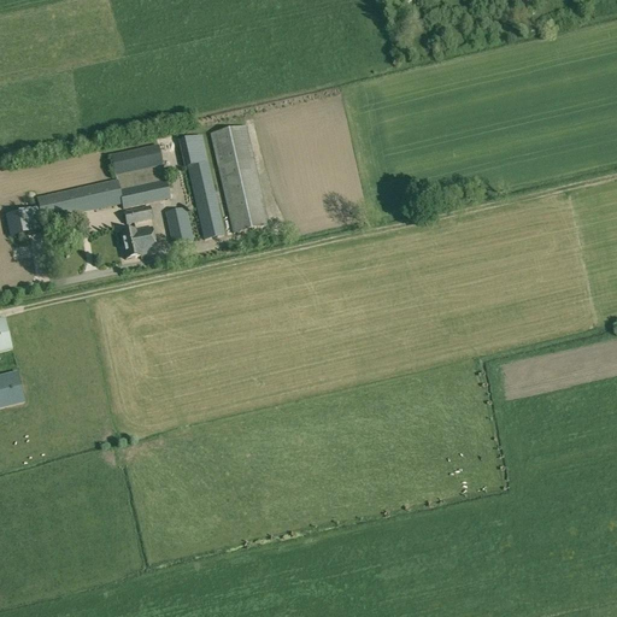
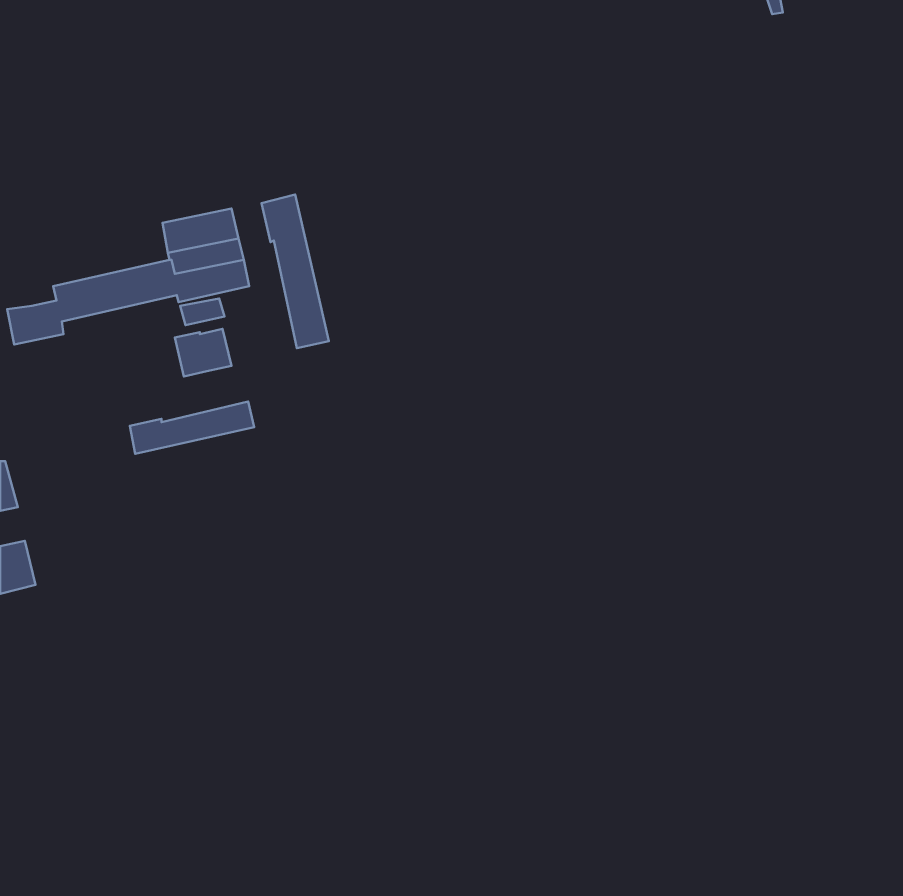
building: [210,123,269,231] -> none
building: [165,205,194,242] -> none
building: none -> [130,401,254,454]

